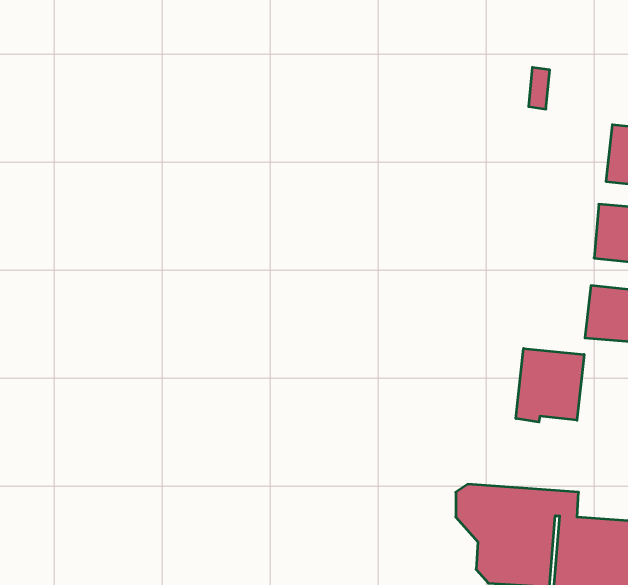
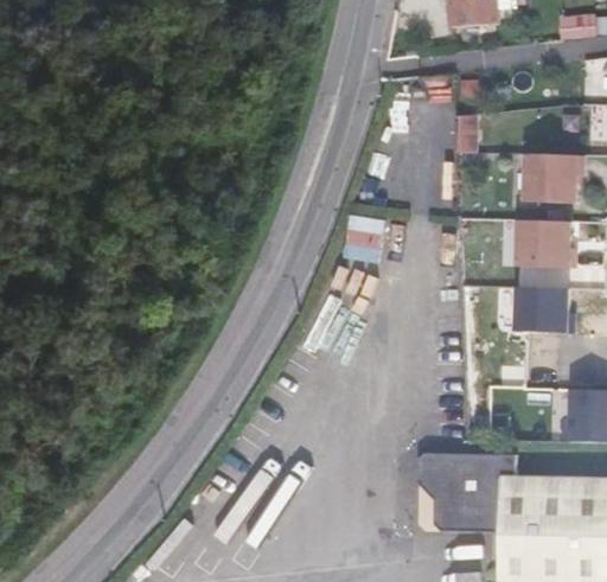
building: [516,348,584,422] -> none

